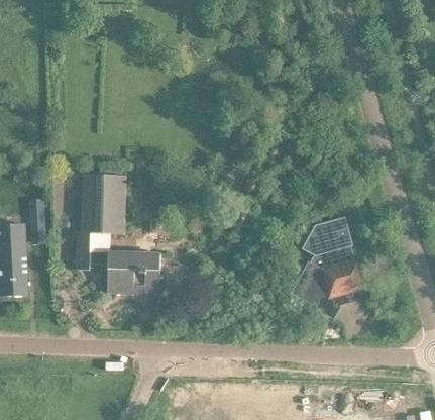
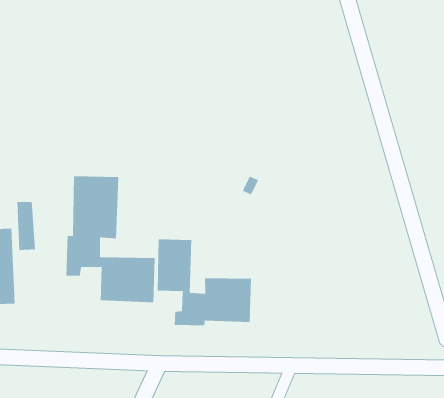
building: [292,217,364,325] -> none
building: none -> [157,238,251,326]

